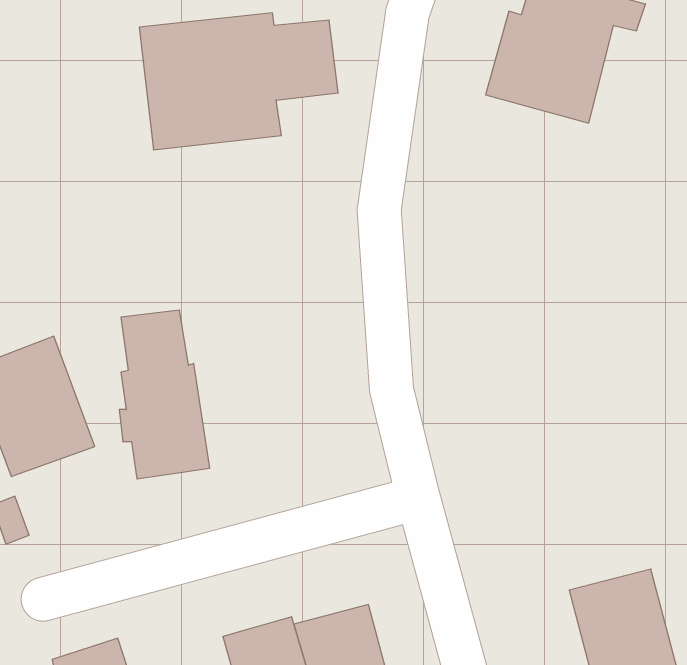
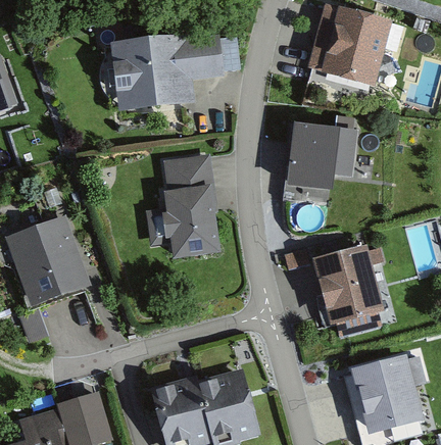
building: none -> [282,123,357,192]
building: [119,310,210,479] -> [165,156,217,253]
building: none -> [306,248,383,331]

